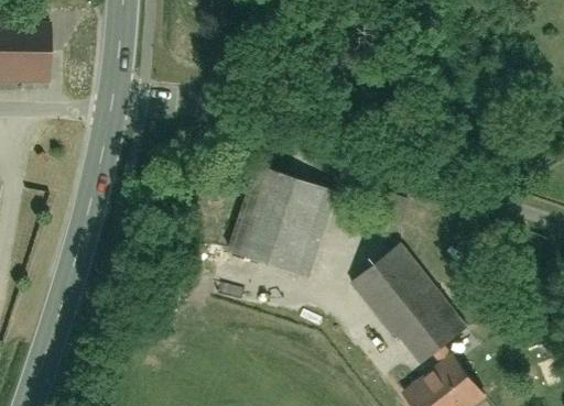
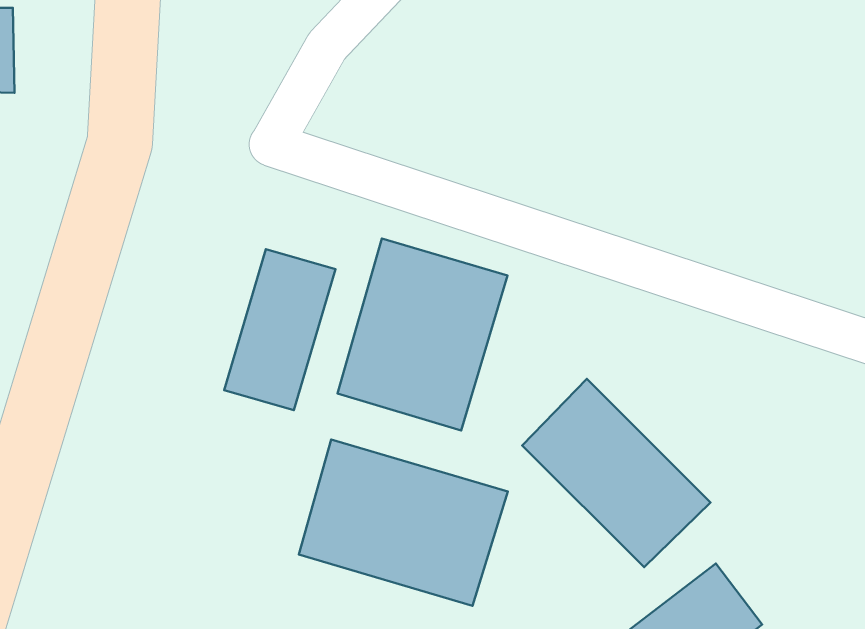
building: none -> [224,249,335,410]
building: none -> [299,439,508,606]

